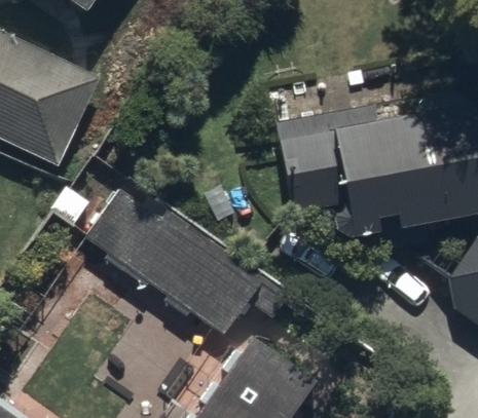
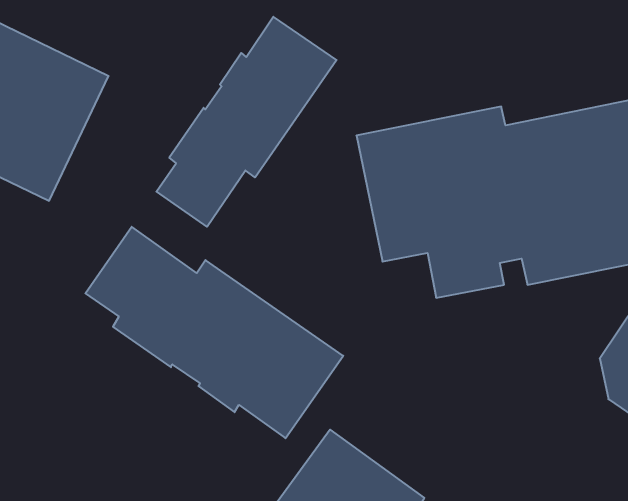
building: none -> [156,17,337,227]

